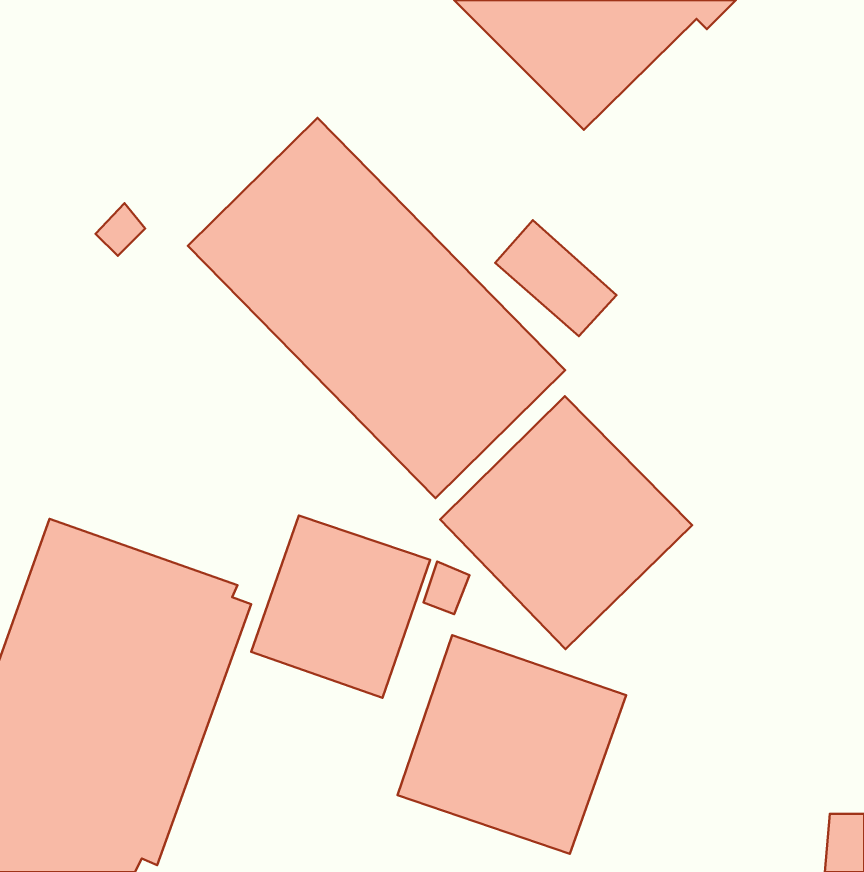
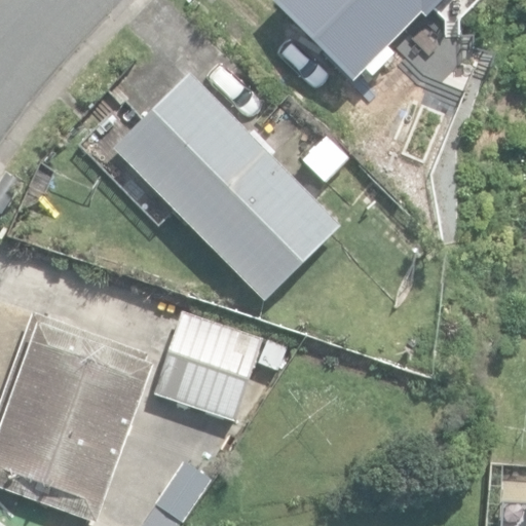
building: [440,396,692,649] -> none
building: [398,635,626,854] -> none

